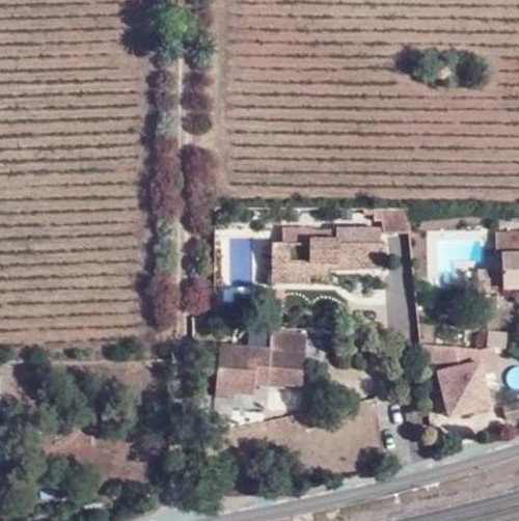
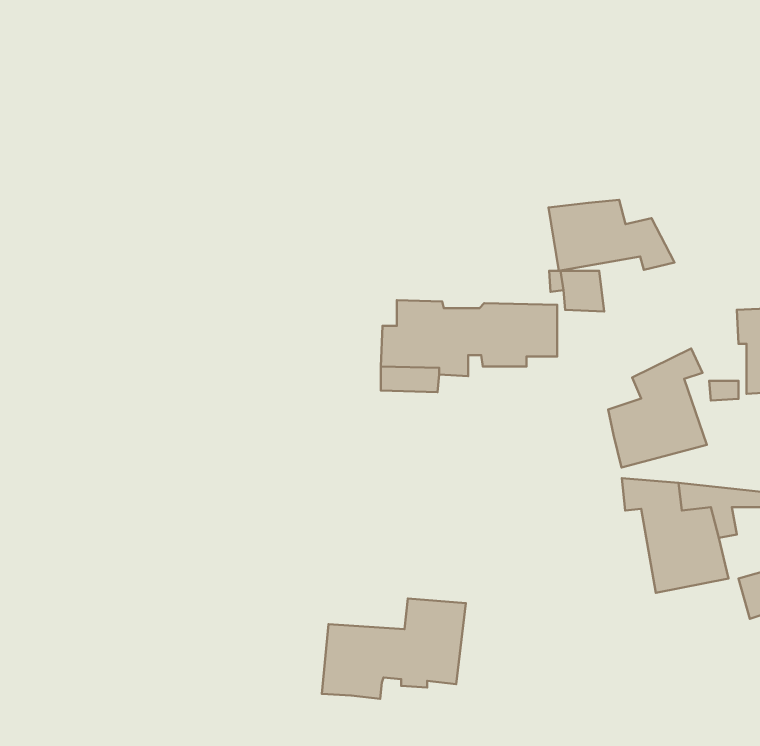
building: none -> [549,200,674,271]
building: none -> [608,348,707,468]
building: [217,328,309,392] -> [322,598,466,699]

